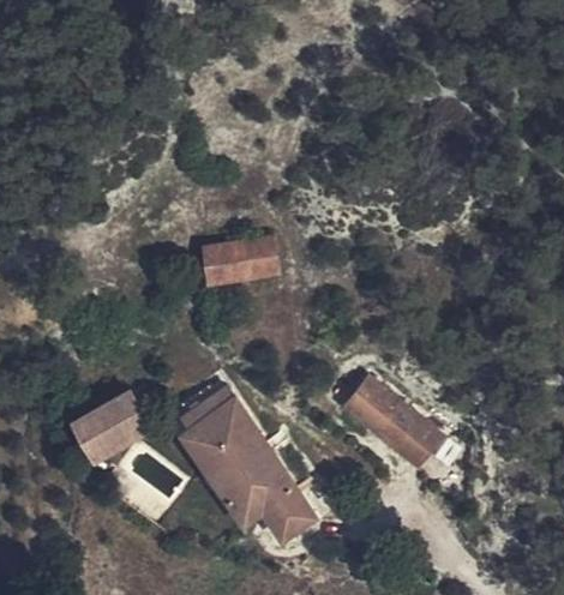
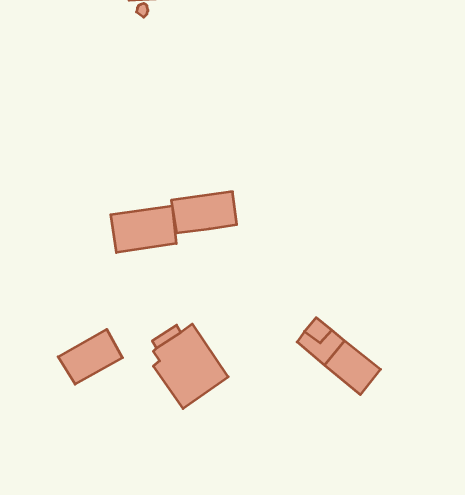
building: none -> [111,206,176,253]
building: [216,447,314,539] -> none

